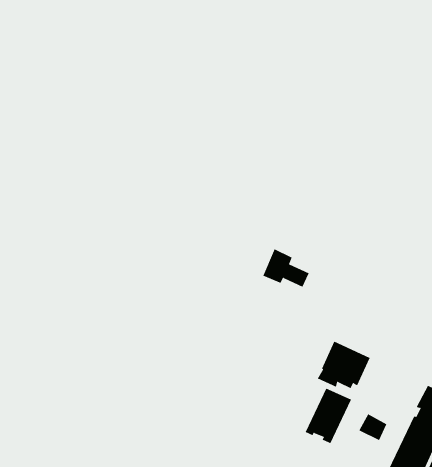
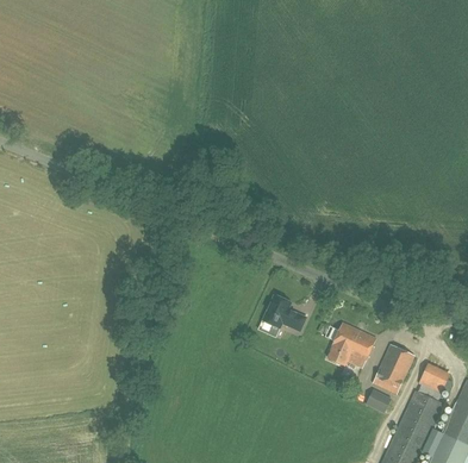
building: [263,249,309,288] -> [262,295,305,331]
building: [305,388,352,444] -> [370,345,413,396]

